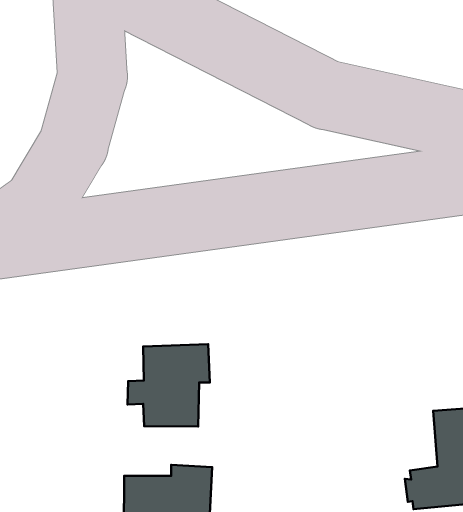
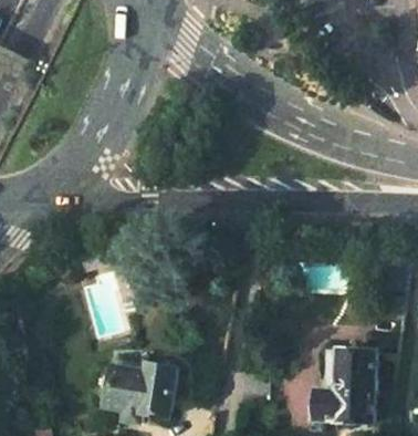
building: [128,344,210,427] -> none

